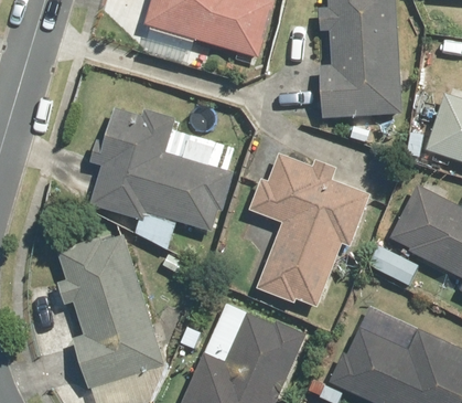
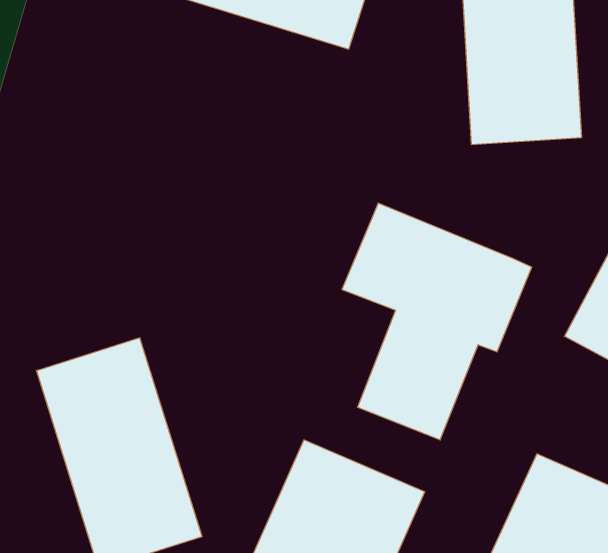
building: [90,106,232,233] -> none

